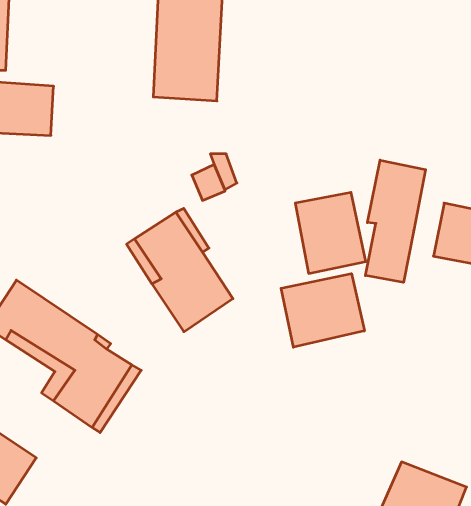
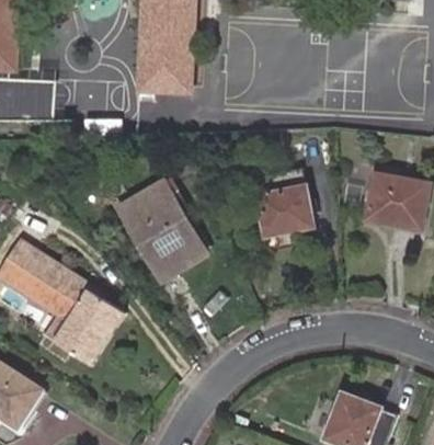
building: [365,160,426,282] -> none
building: [281,274,364,347] -> none

